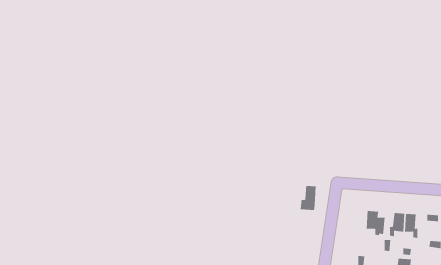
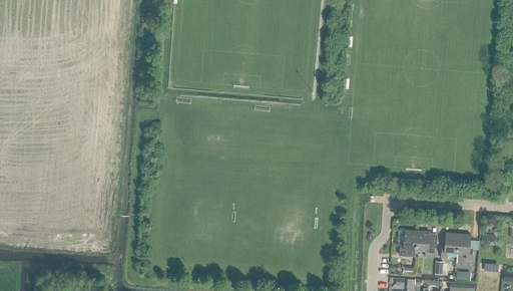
building: [300,185,317,211] -> [399,230,417,257]

